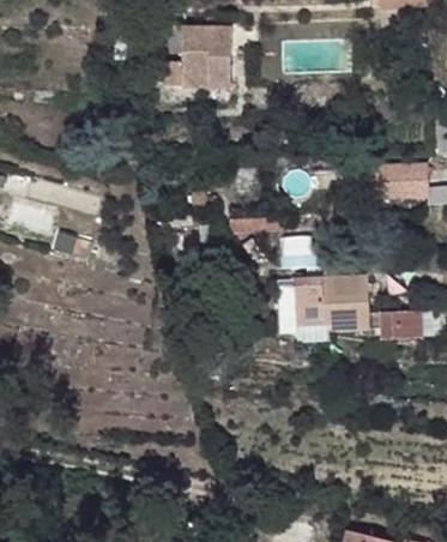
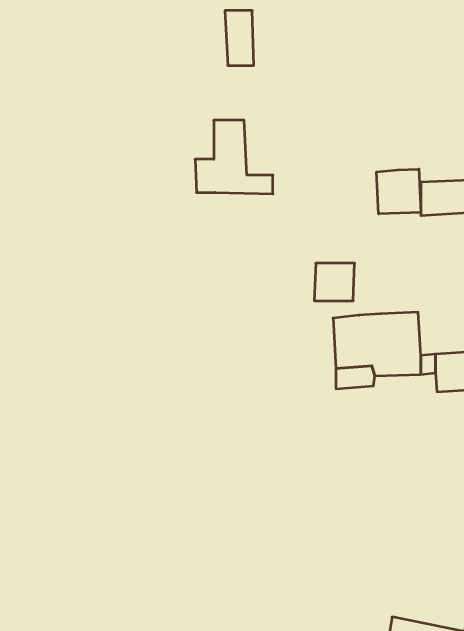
building: [164,25,229,86] -> [195,120,273,194]
building: none -> [377,169,421,214]

